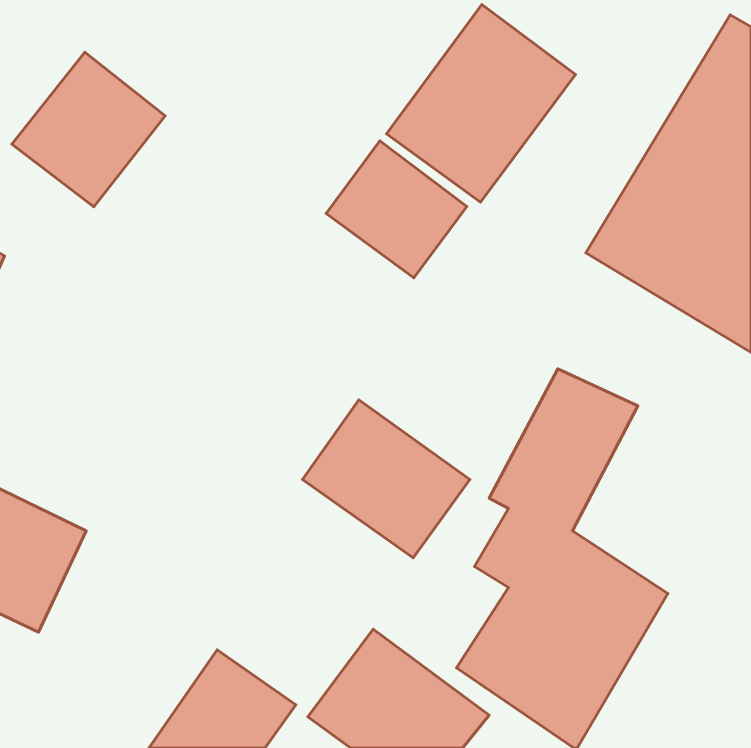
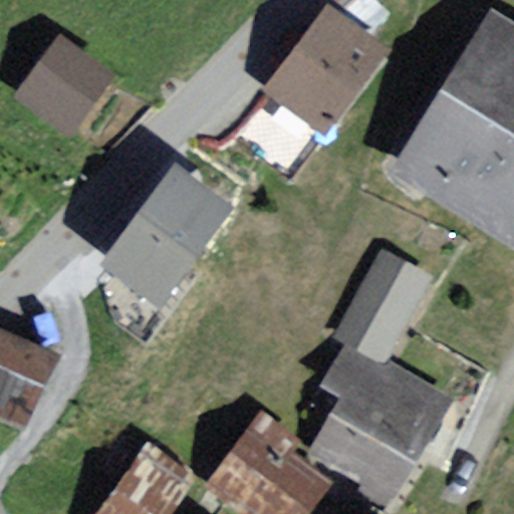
building: [326,141,467,278] -> none
building: none -> [106,167,235,306]
building: [302,400,470,558] -> none

